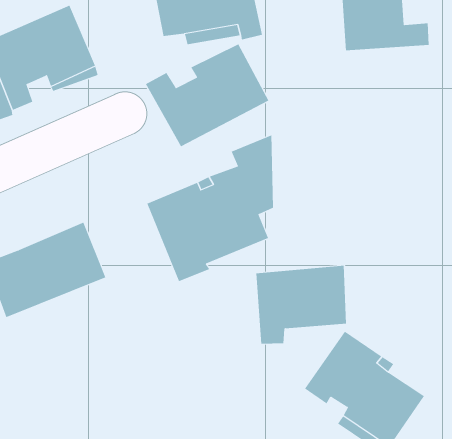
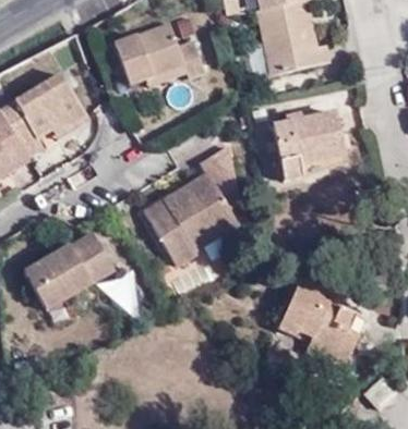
building: [145,43,269,147] -> none
building: [255,265,347,344] -> [276,110,349,177]

